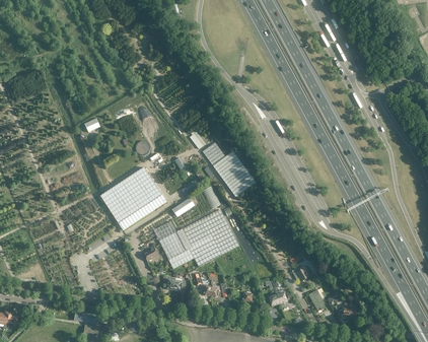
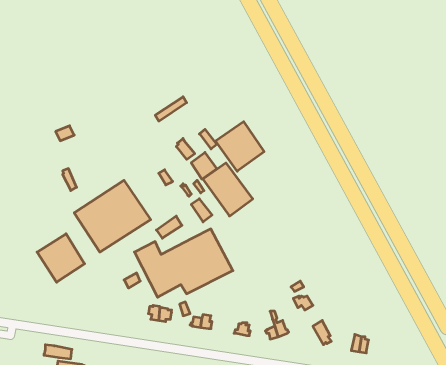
building: none -> [216,122,264,171]
building: none -> [37,234,85,282]

